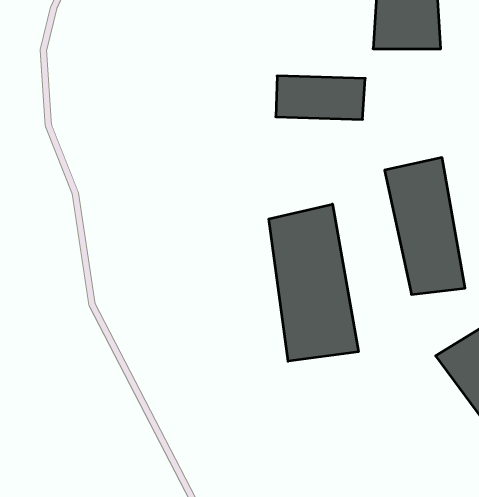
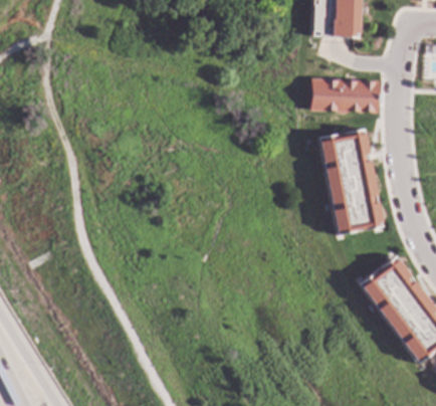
building: [276,76,365,119] -> [312,77,383,112]
building: [269,204,358,361] -> none

